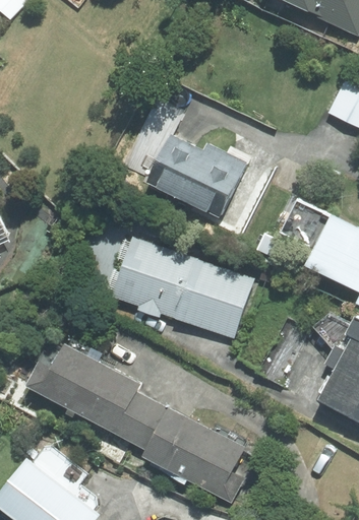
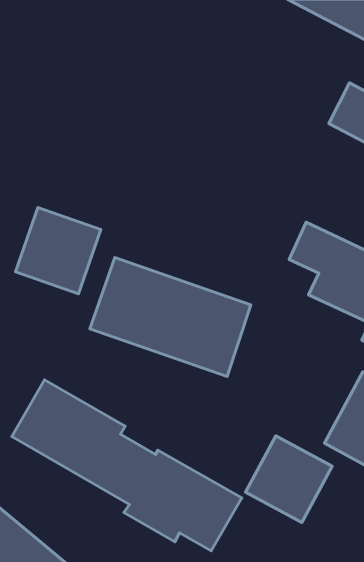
building: [144,124,248,220] -> none
building: none -> [15,208,101,294]
building: none -> [245,436,332,523]

